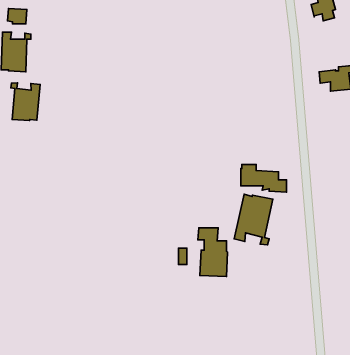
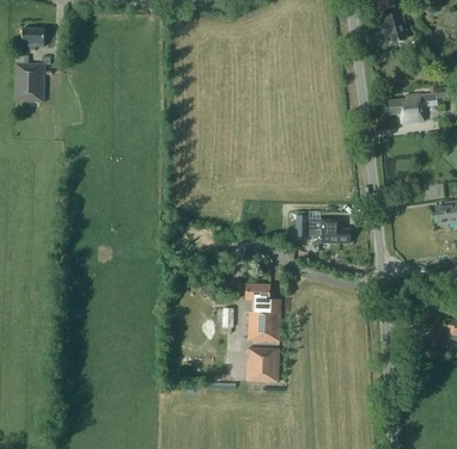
building: [11,83,40,120] -> none
building: [234,194,273,245] -> none
building: none -> [246,347,279,381]

